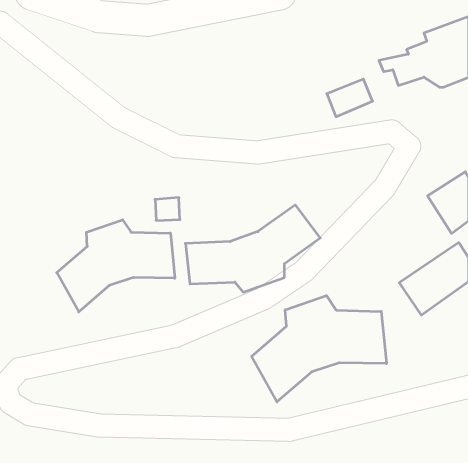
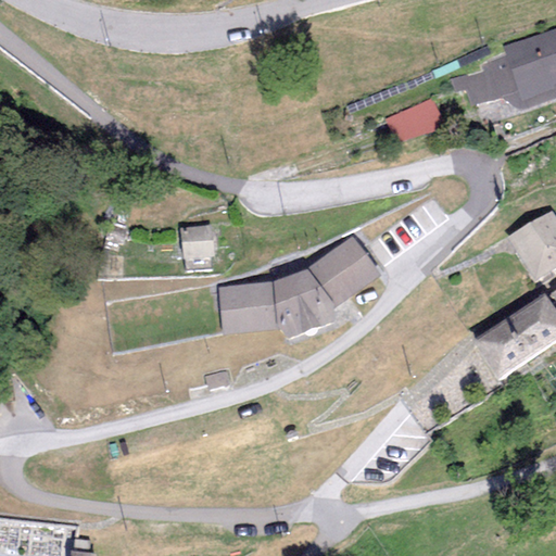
building: [57,220,175,312] -> none
building: [252,296,386,402] -> none

